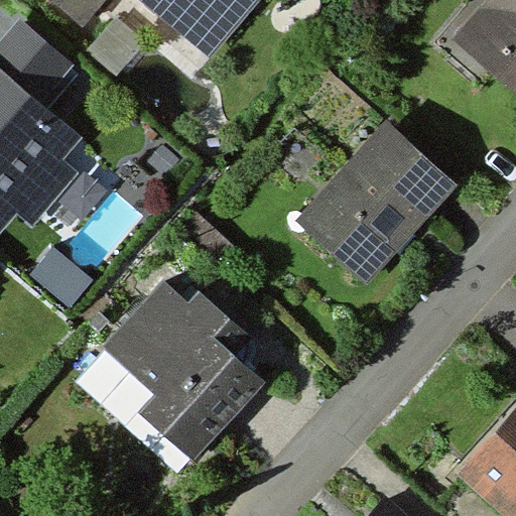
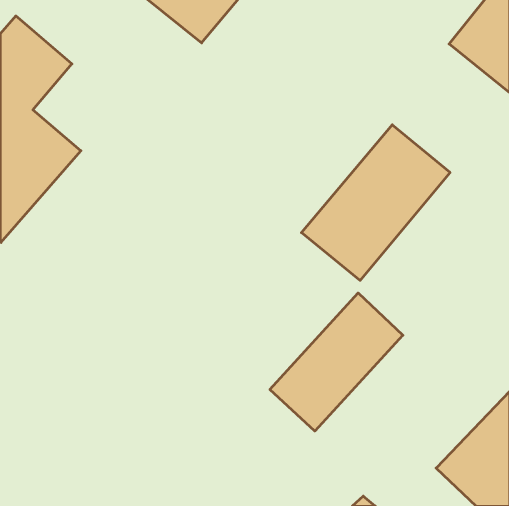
building: [101,294,254,461] -> none
building: none -> [270,293,403,431]

